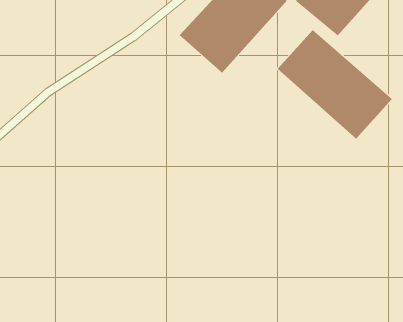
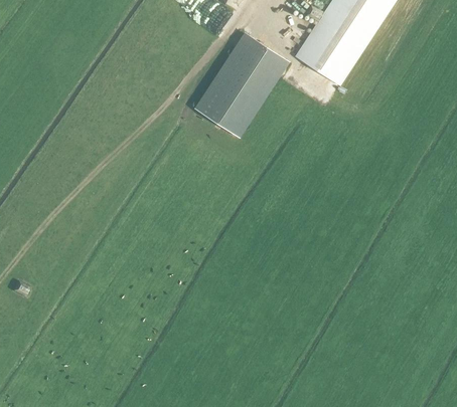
building: [277,29,393,140] -> none

